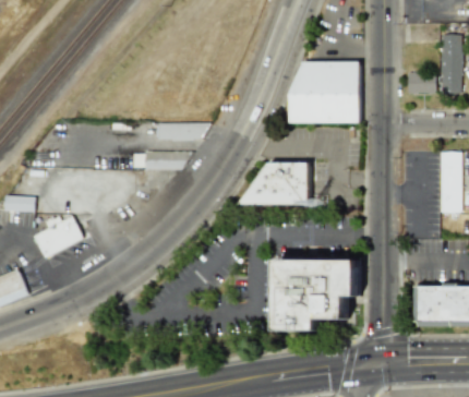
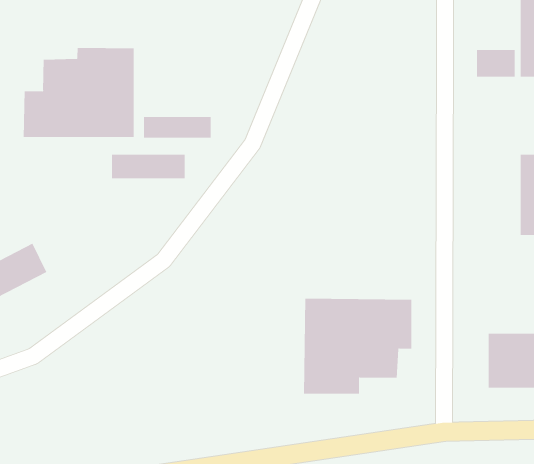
building: [289,61,360,123] -> none
building: none -> [23,47,134,138]
building: [253,161,309,206] -> none

